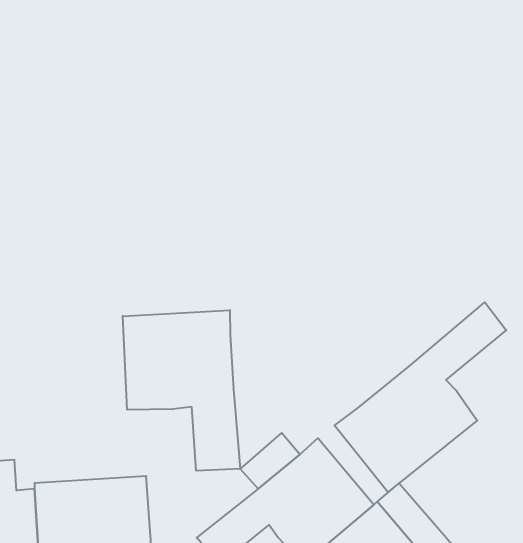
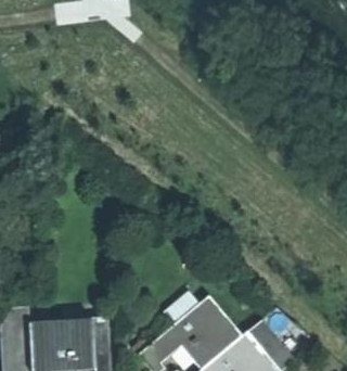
building: [334,302,506,492] -> none
building: [123,310,240,471] -> none

